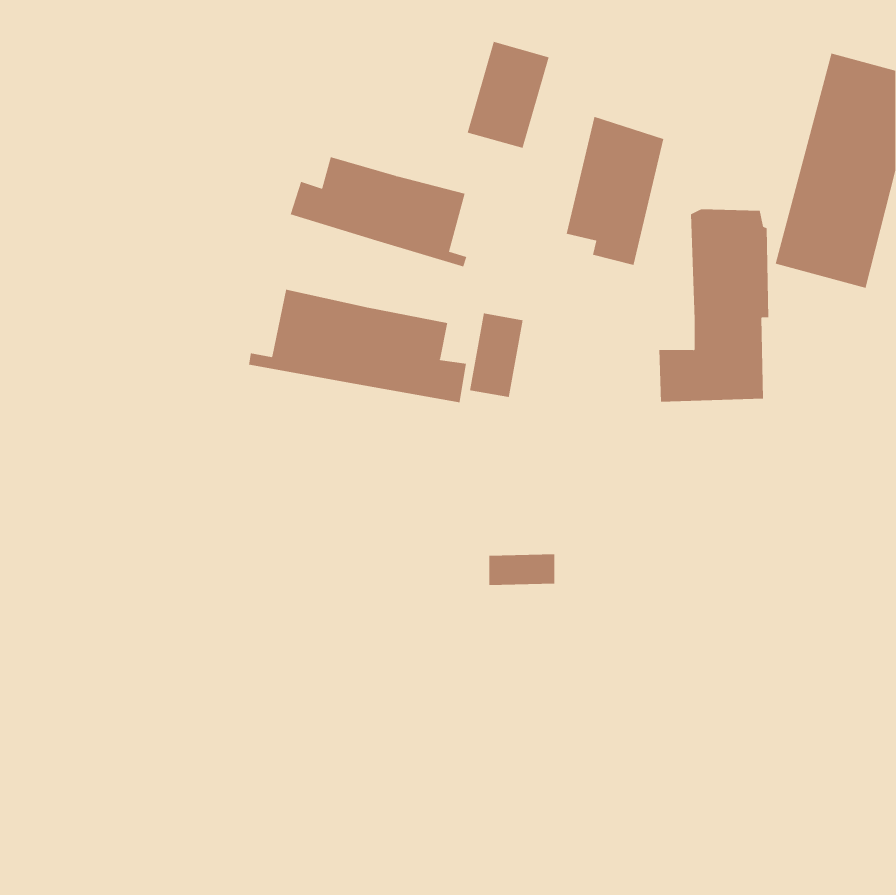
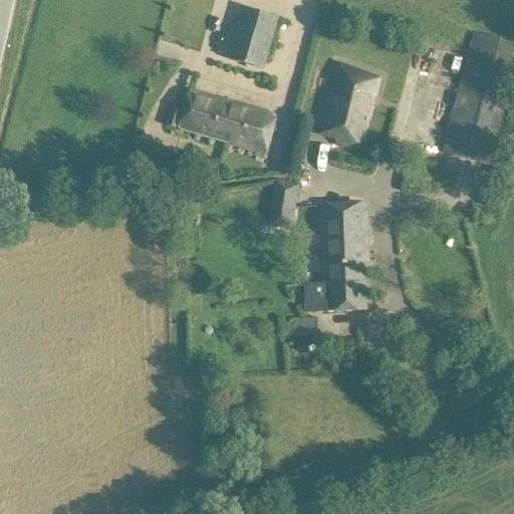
building: [467,41,549,149] -> [230,6,277,67]
building: [659,209,769,402] -> [304,201,367,311]
building: [249,289,466,403] -> none

